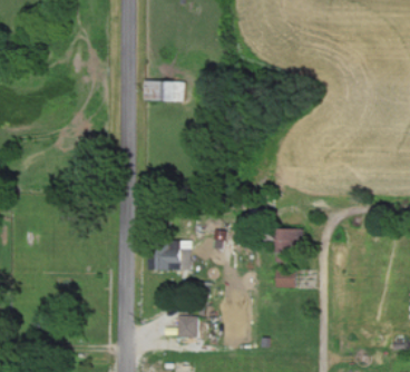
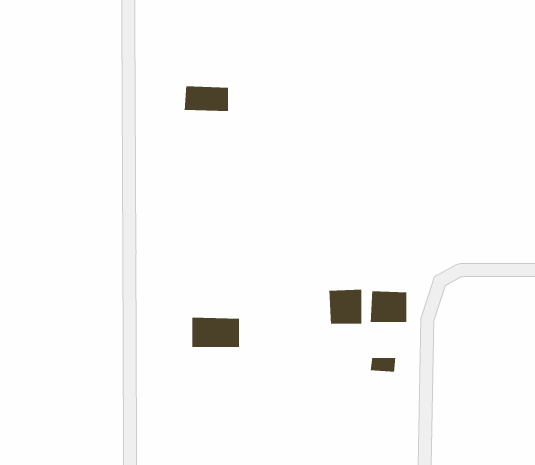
building: none -> [329,289,362,325]
building: [175,315,196,337] -> none

